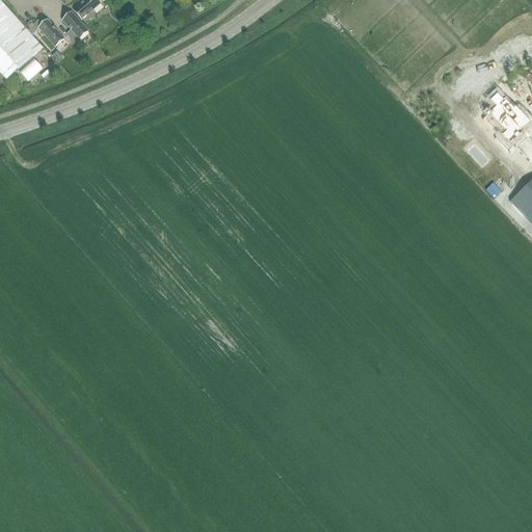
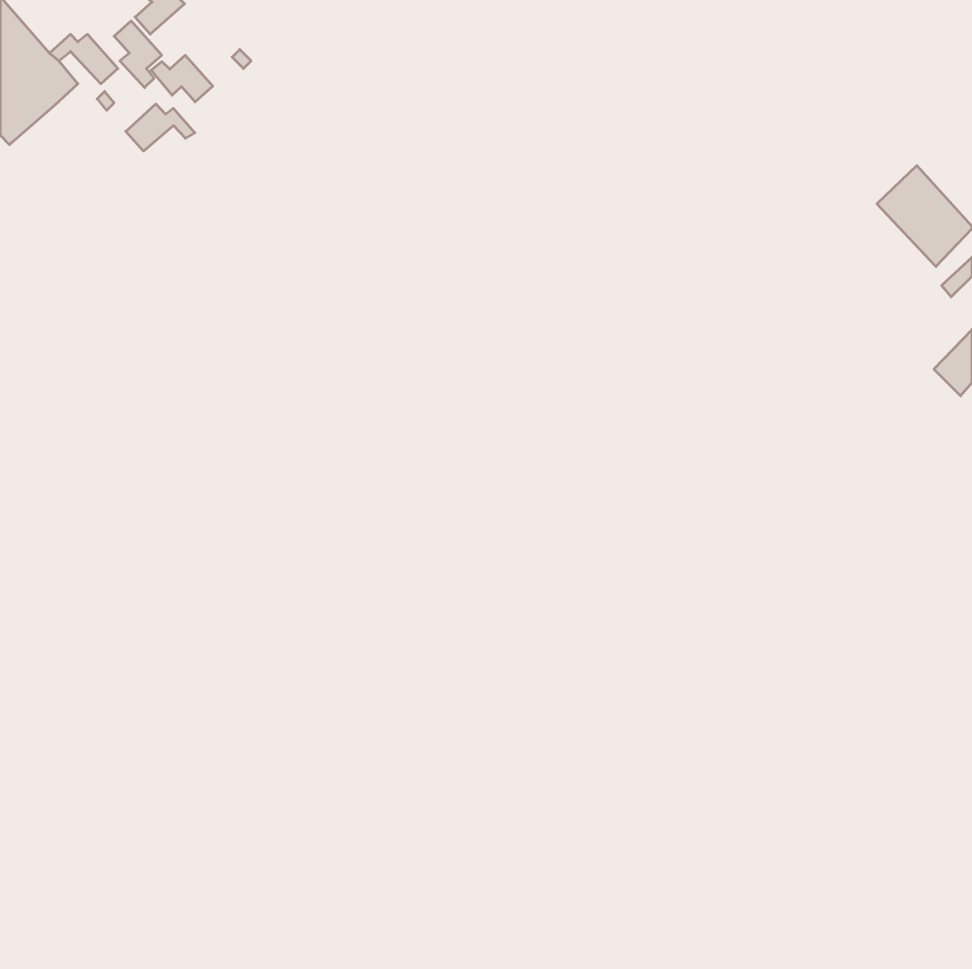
building: none -> [151,55,213,102]
building: none -> [126,104,195,151]

